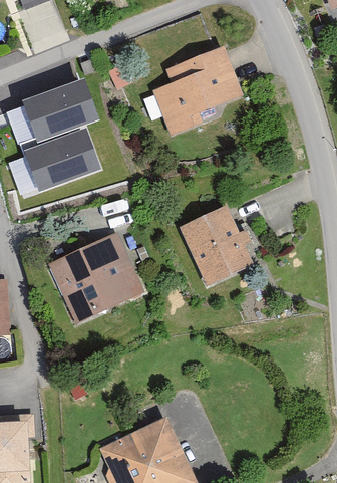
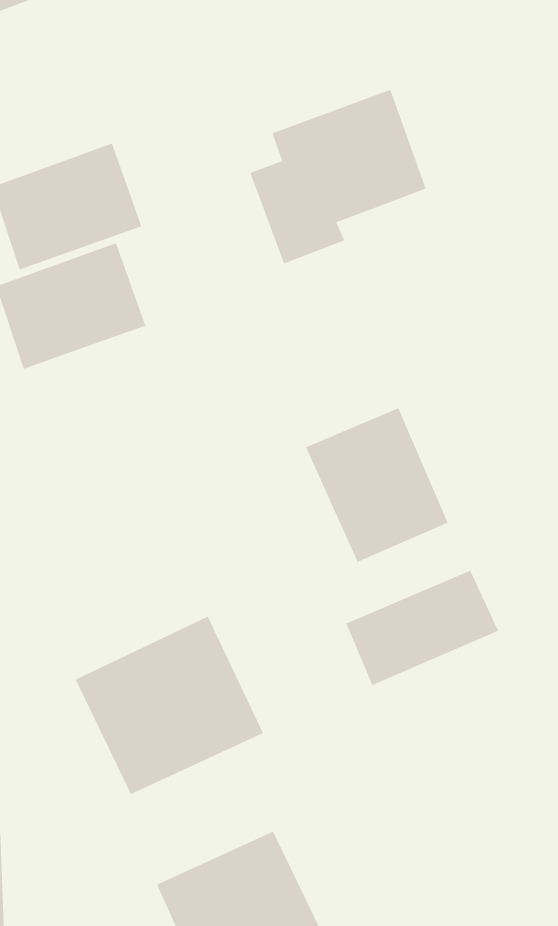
building: [48,232,143,322] -> [75,616,264,795]
building: none -> [345,570,499,686]

